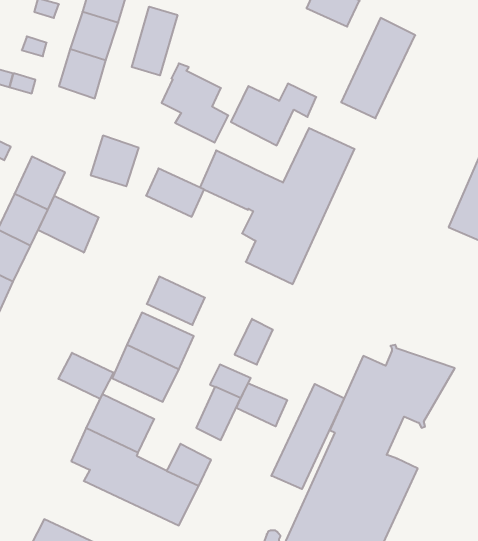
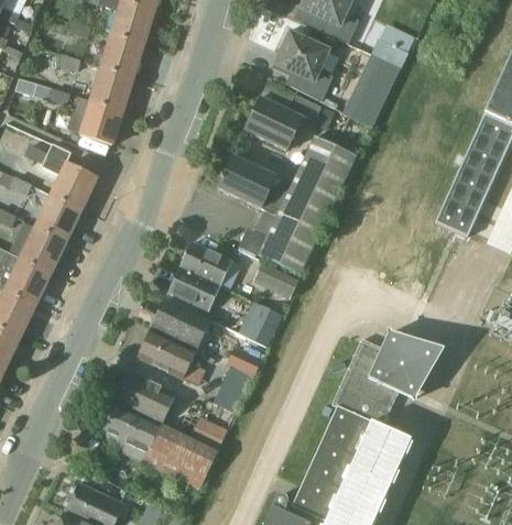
building: [132,7,177,75] -> none
building: [162,63,228,143] -> [274,29,334,99]
building: [91,136,139,186] -> [80,97,123,142]
building: [146,168,204,217] -> [181,242,232,285]
building: [38,196,99,253] -> none
building: none -> [254,262,299,297]
building: [58,353,113,399] -> none
building: [236,383,287,426] -> none
building: [271,384,344,489] -> none

